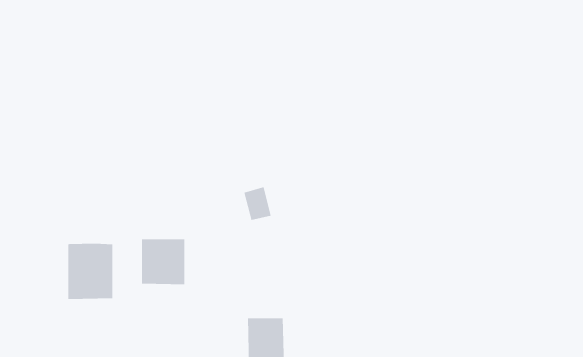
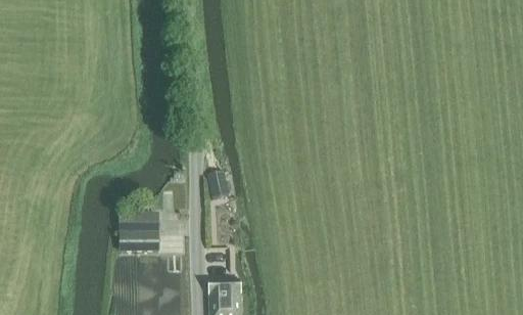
building: [68,243,113,300] -> none

